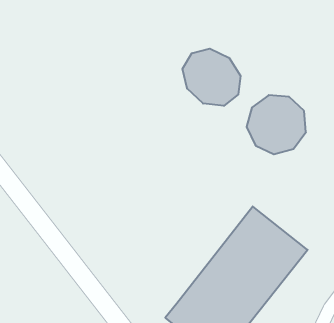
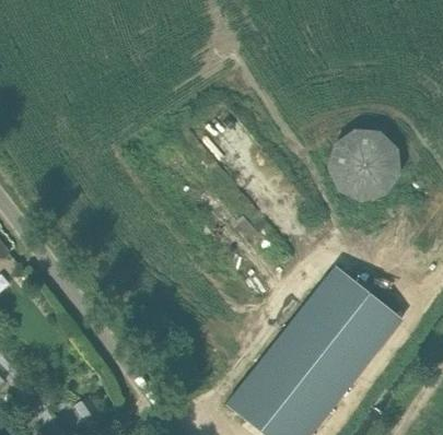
building: [182,49,240,106] -> none

